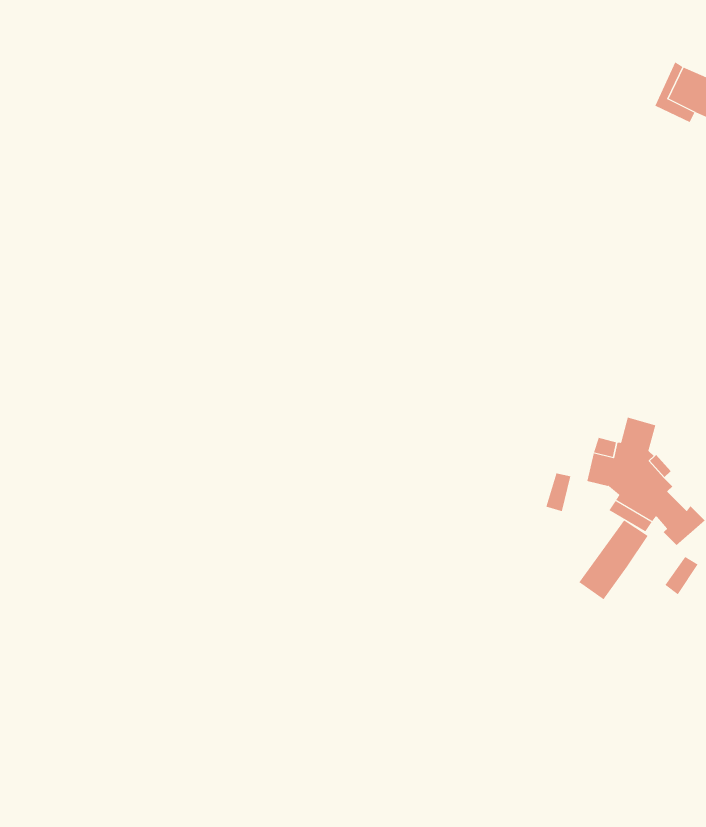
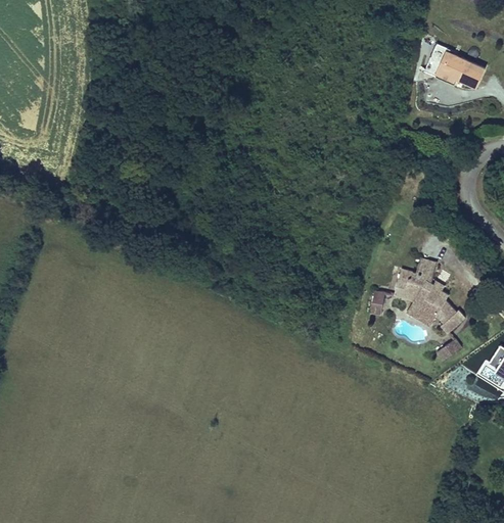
building: [579,519,648,600] -> none

